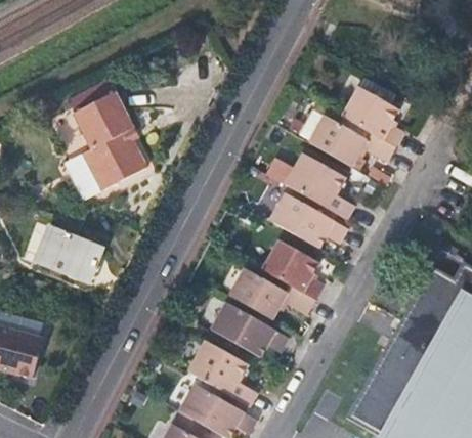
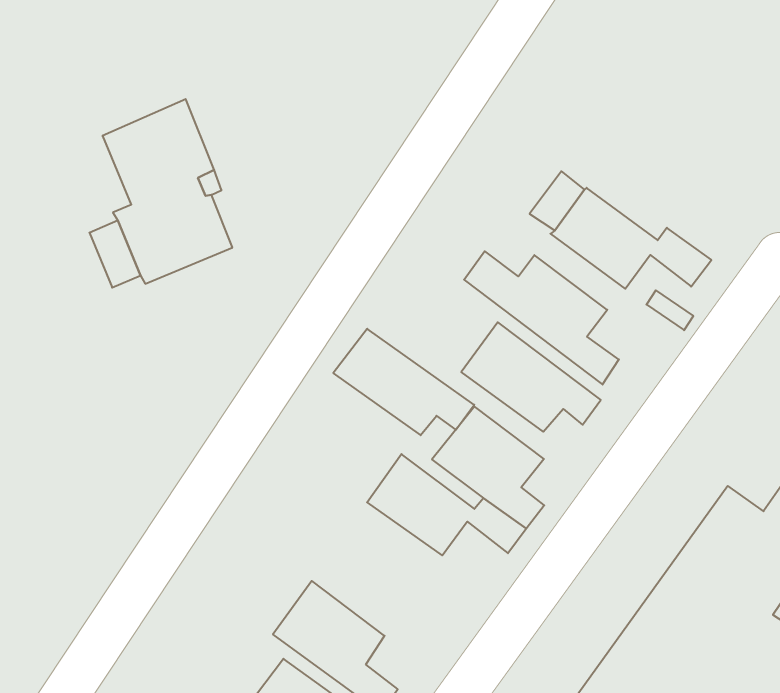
building: [347,87,407,146] -> none
building: [40,230,100,284] -> none
building: [214,303,291,356] -> [333,329,474,435]

